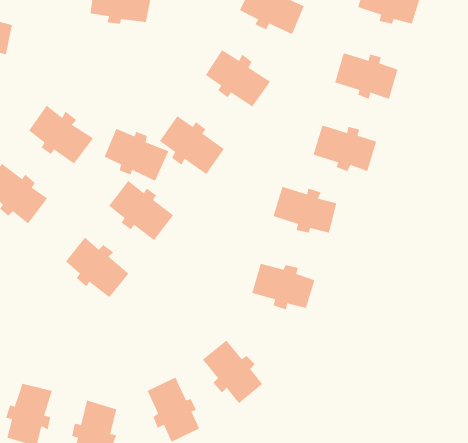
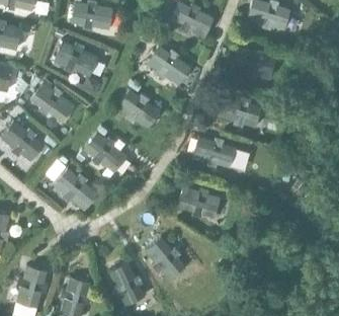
building: [103,128,169,182] -> [55,41,98,76]

